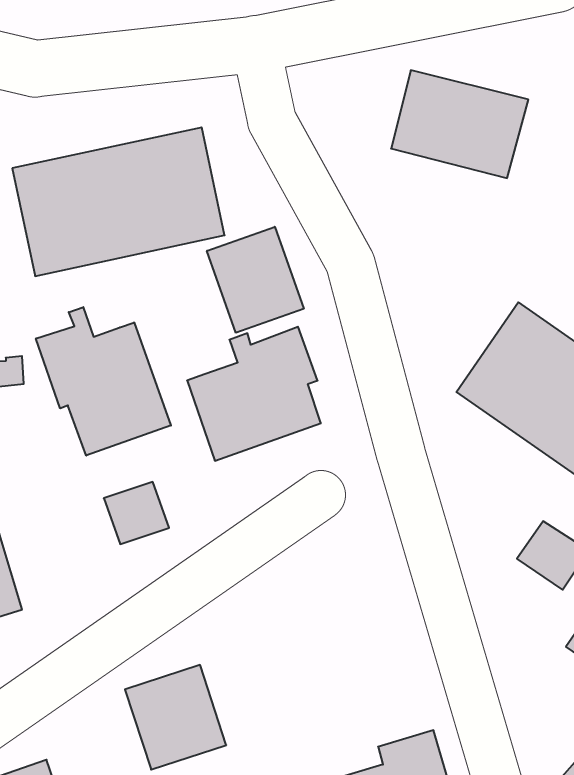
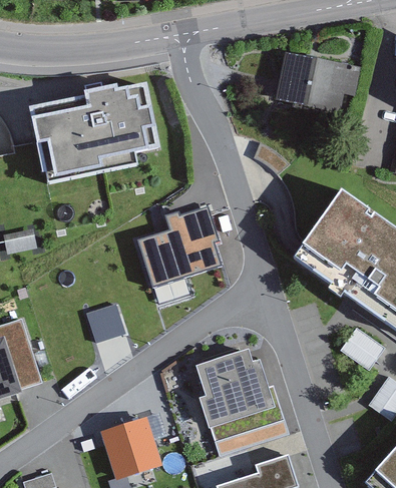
building: [207,227,304,333] -> none
building: [36,307,171,456] -> none
building: none -> [199,352,285,443]

